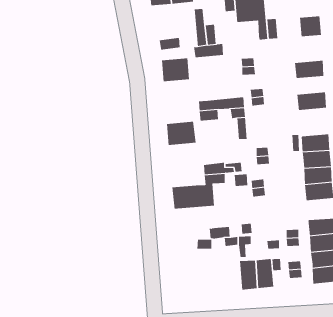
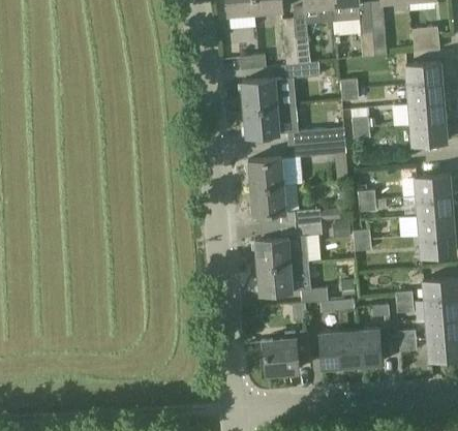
building: none -> [404,63,442,86]
building: none -> [408,102,446,125]
building: none -> [244,105,297,136]
building: none -> [250,185,287,215]
building: none -> [257,263,309,294]
building: none -> [318,331,341,368]
building: none -> [264,332,309,373]

